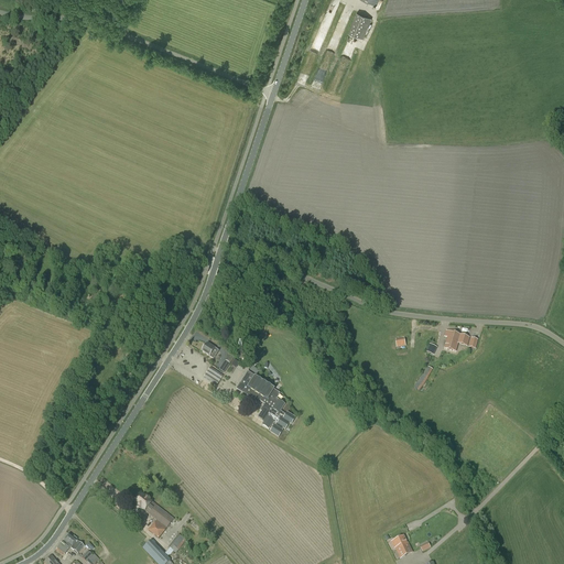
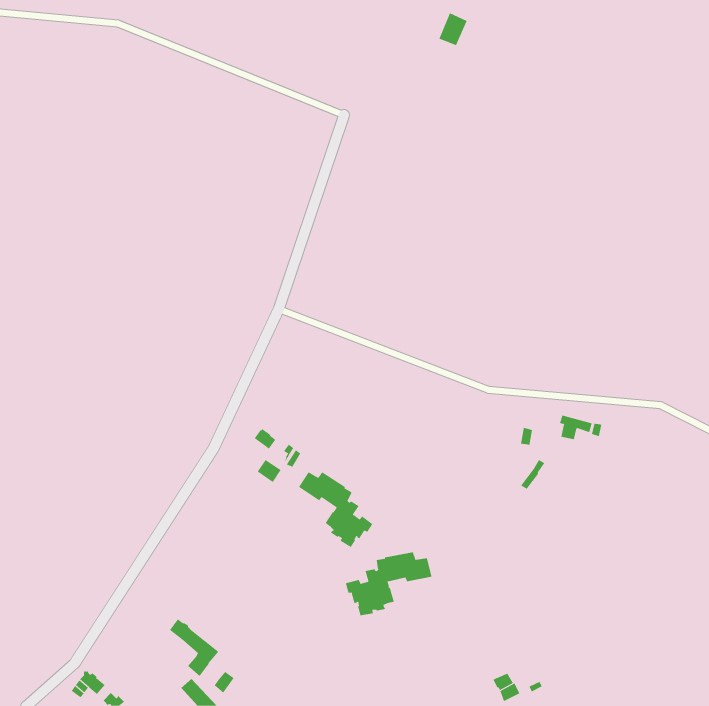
building: none -> [345,552,432,616]

